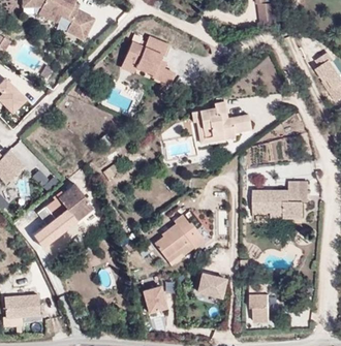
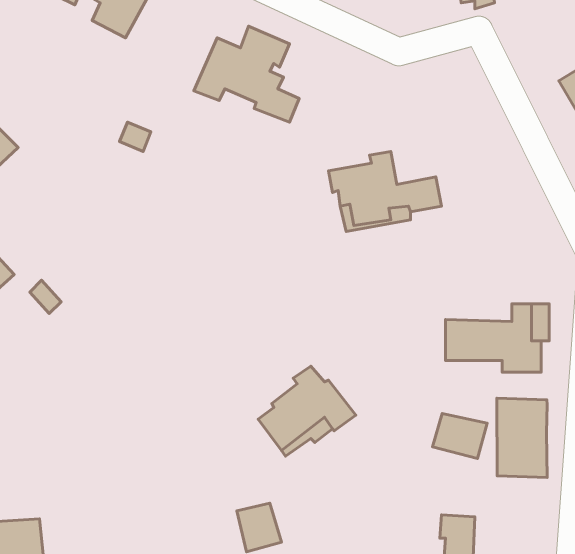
building: [32,185,92,248] -> none
building: none -> [497,398,547,478]
building: [195,275,224,298] -> [433,414,487,458]

